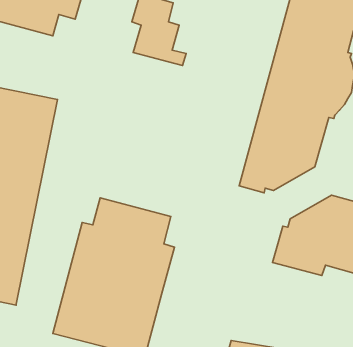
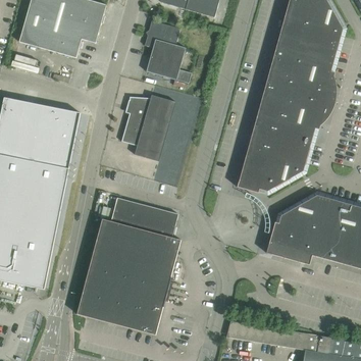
building: none -> [121,95,175,161]

